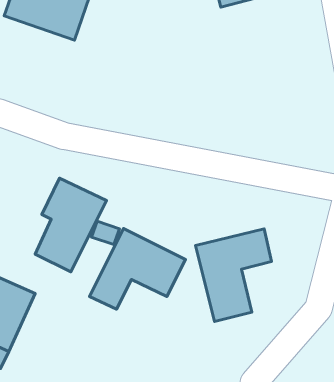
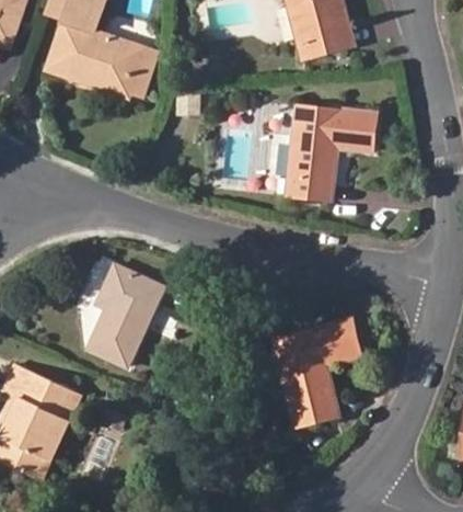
building: none -> [285,103,377,200]
building: [90,228,185,309] -> none

